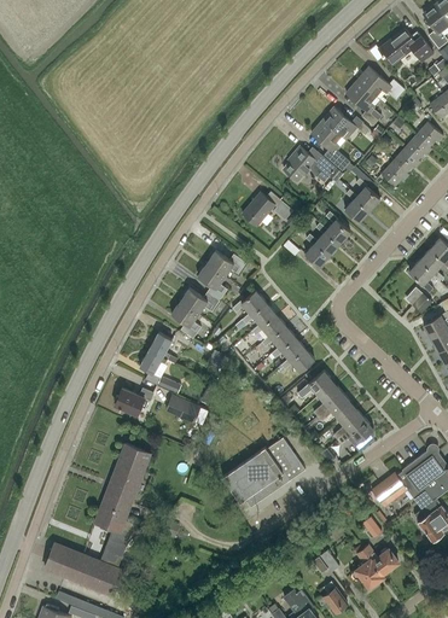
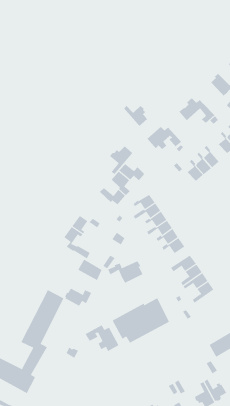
building: [310,122,342,165] -> none
building: none -> [123,105,148,127]
building: none -> [110,145,133,175]
building: [170,296,200,338] -> none
building: none -> [107,260,143,284]
building: [114,389,152,414] -> [64,288,92,307]
building: [336,416,373,451] -> none
building: none -> [85,325,119,352]

